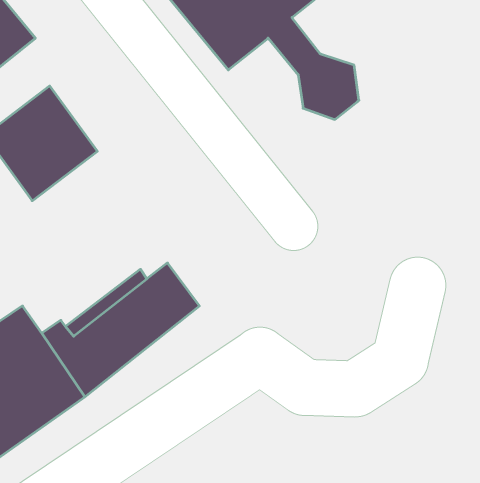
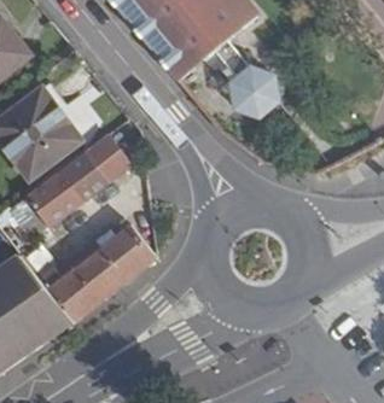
building: none -> [8,135,128,238]

